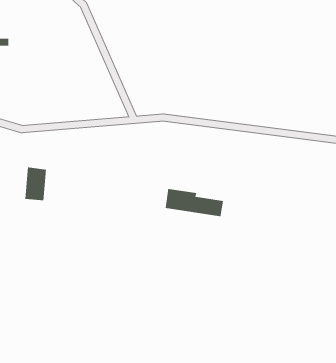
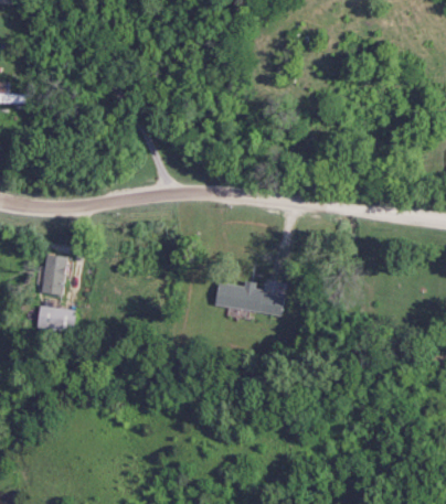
building: none -> [35,305,76,332]

